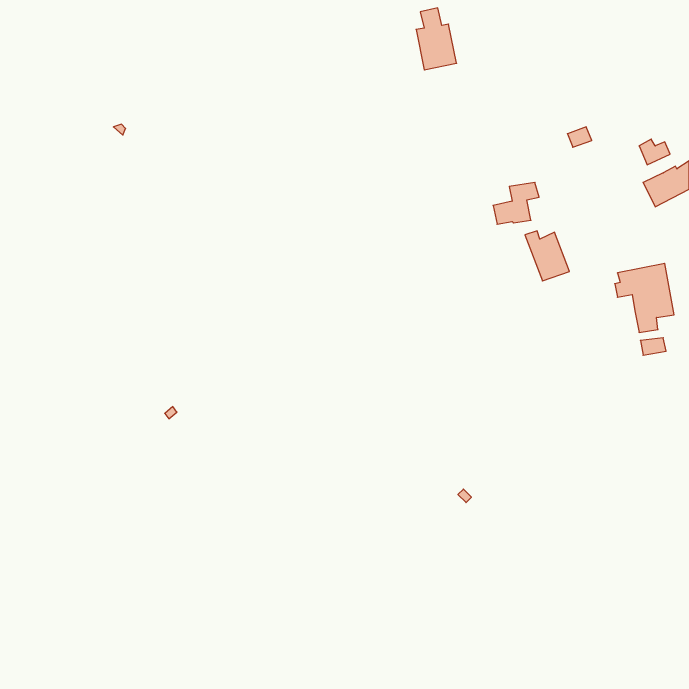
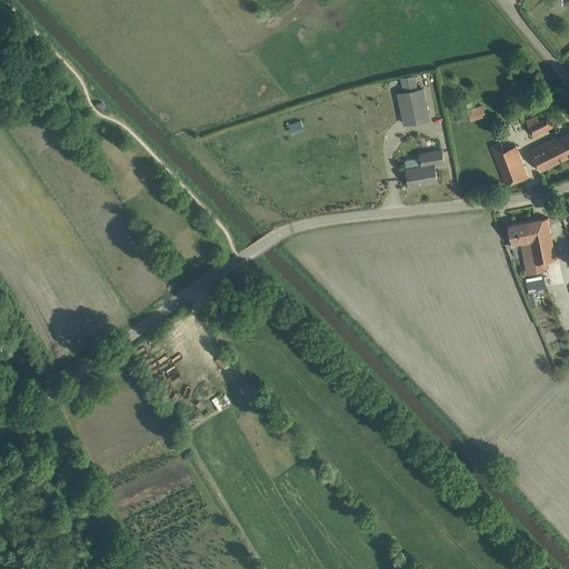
building: [416,8,457,70] -> [396,76,429,127]
building: [525,231,569,281] -> [490,144,527,186]

